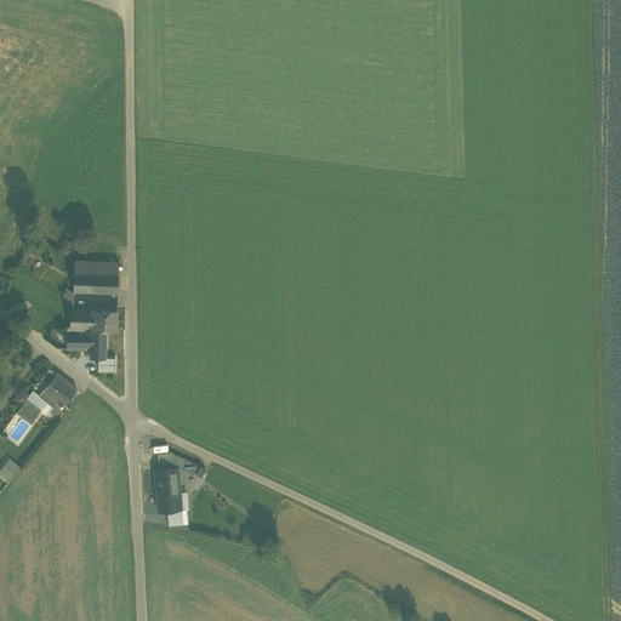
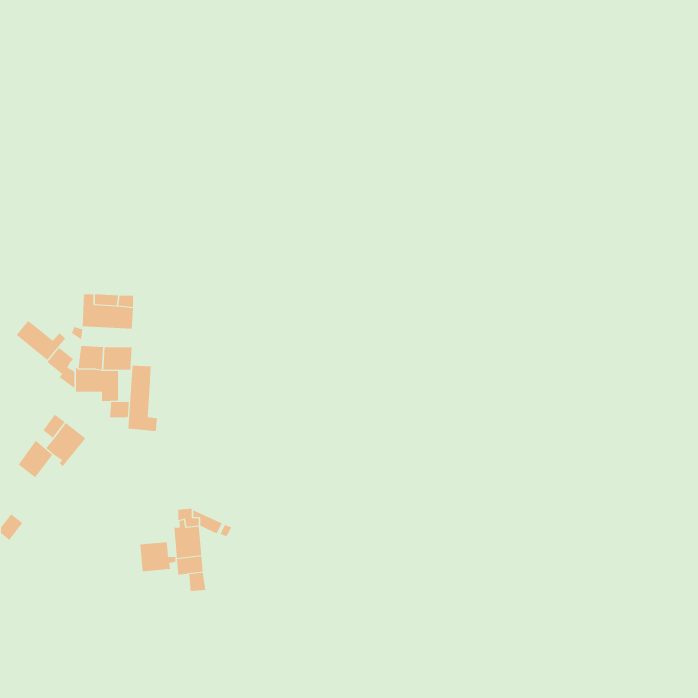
building: none -> [16,320,66,361]
building: none -> [128,365,158,432]
building: none -> [140,541,176,572]

